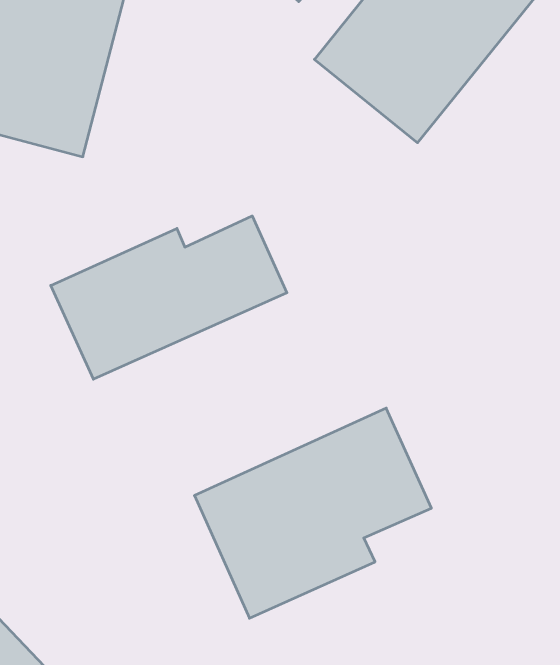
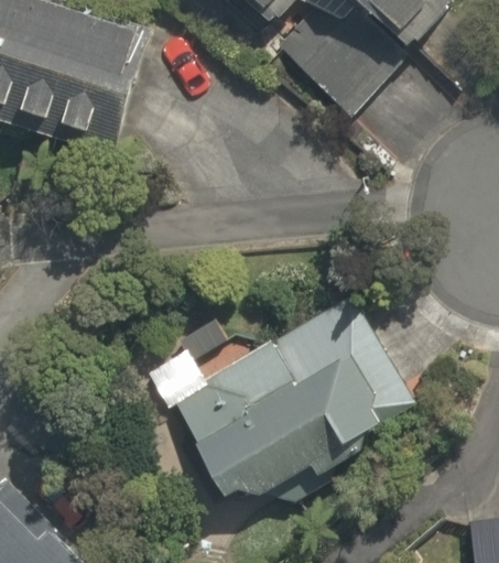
building: [51,216,287,379] -> none

